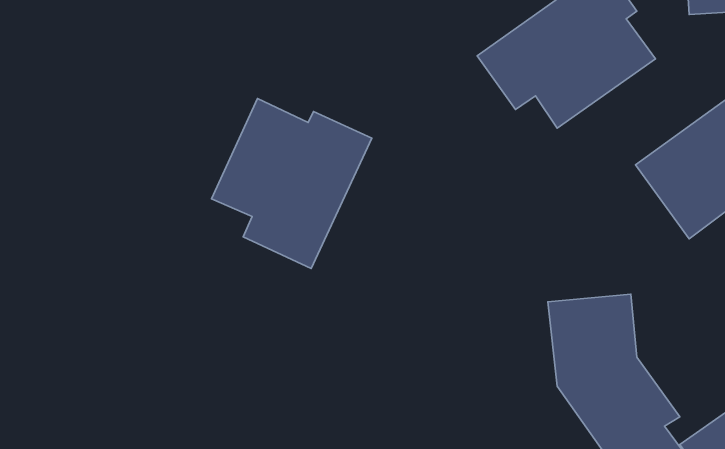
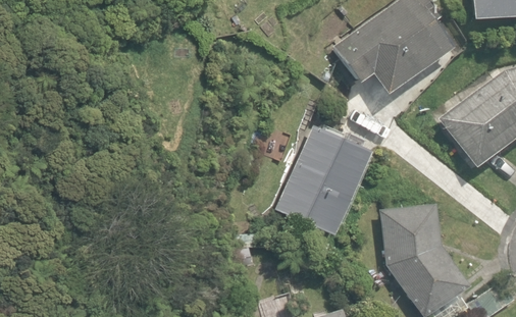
building: [212,98,372,269] -> none
building: none -> [276,125,371,234]

